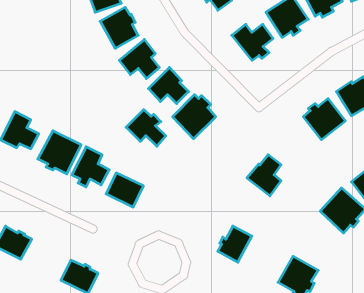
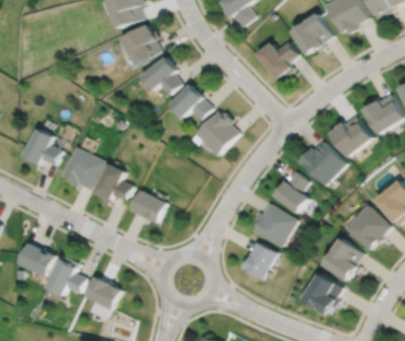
building: [126,110,166,146] -> none
building: none -> [295,140,342,185]
building: none -> [250,203,294,246]
building: none -> [322,237,363,279]
building: none -> [46,255,86,296]

